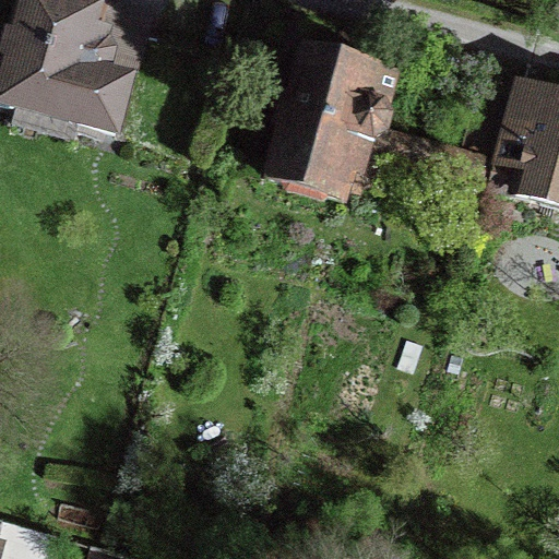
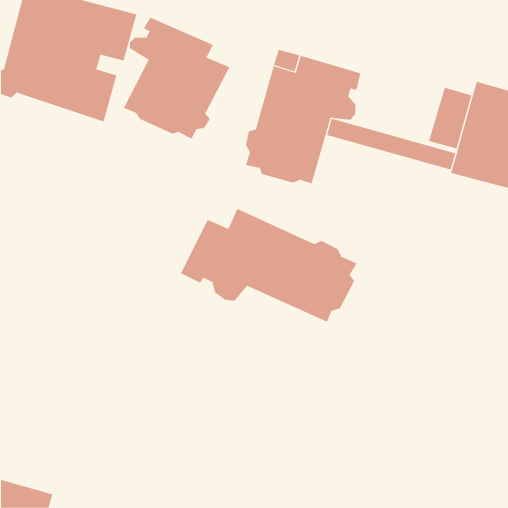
building: none -> [123,17,230,139]
building: none -> [180,208,358,323]

